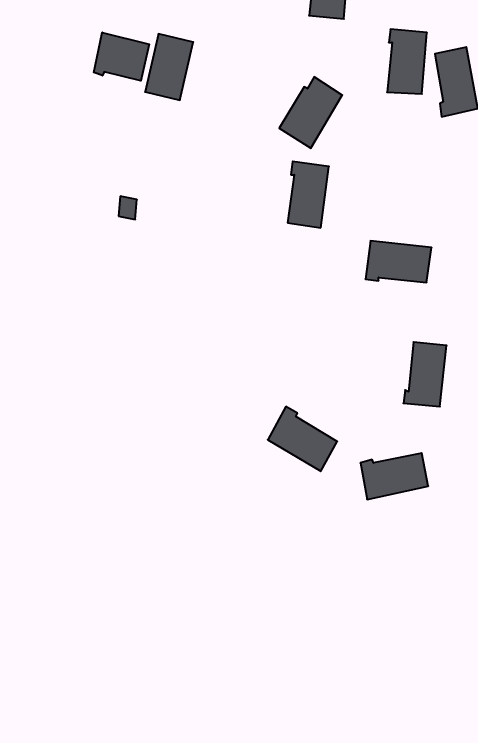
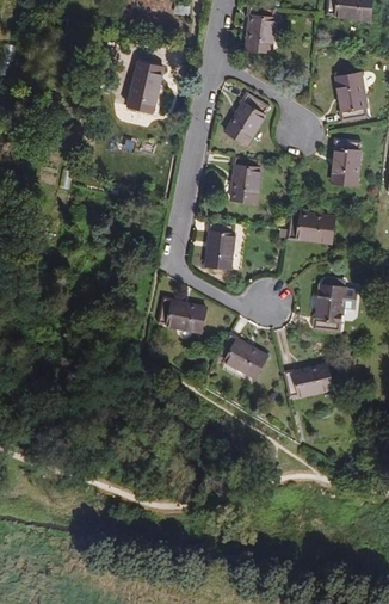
building: [387,29,427,94] -> [332,138,360,185]
building: [94,32,149,81] -> none
building: none -> [205,221,235,269]
building: none -> [156,296,205,332]

